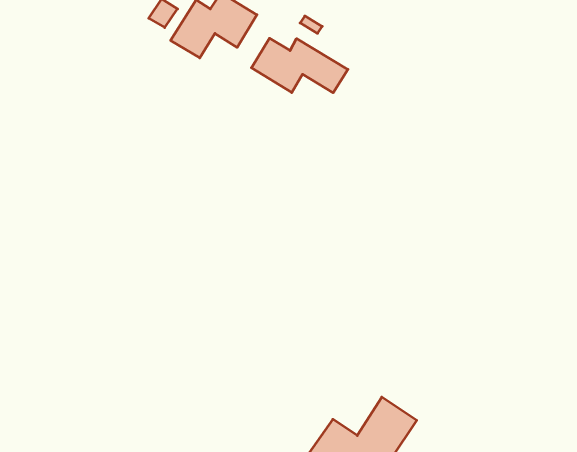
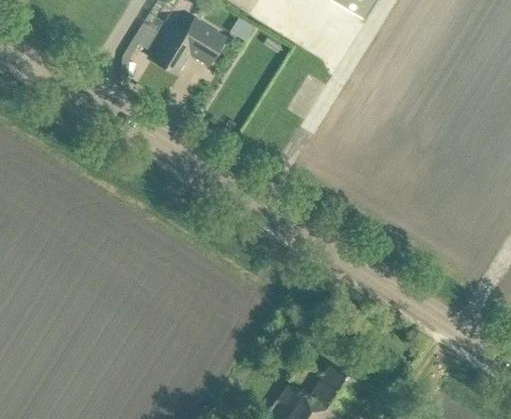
building: [251,38,348,93] -> none

